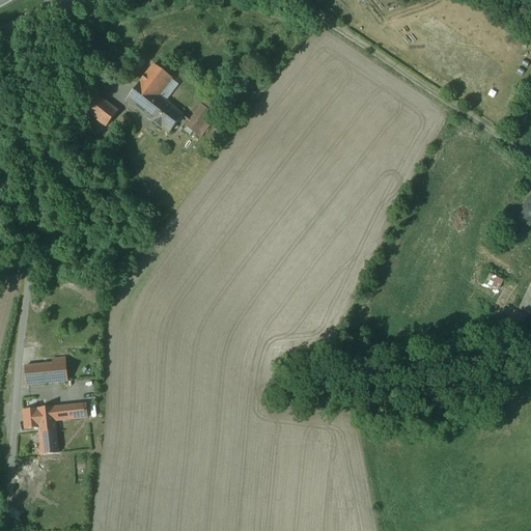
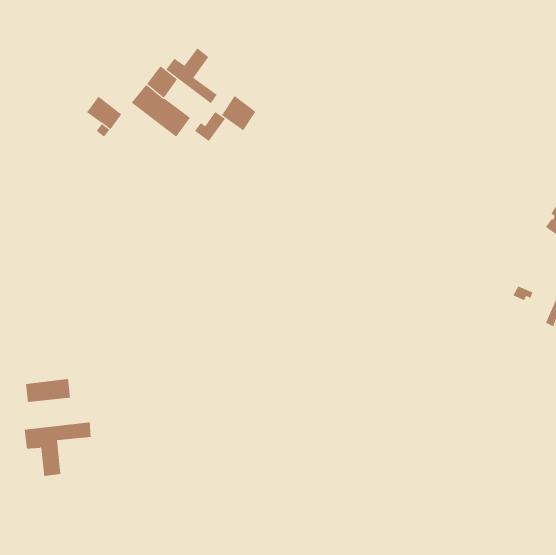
building: none -> [166,48,217,104]
building: none -> [221,96,256,131]

